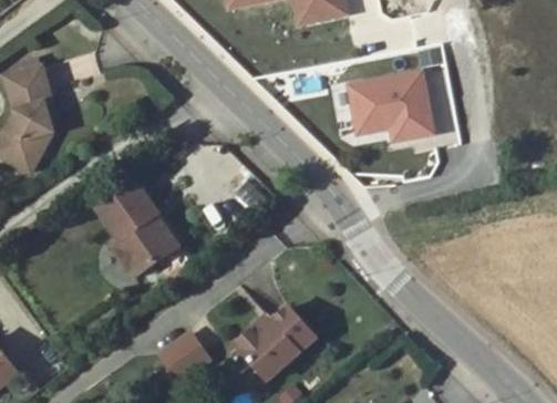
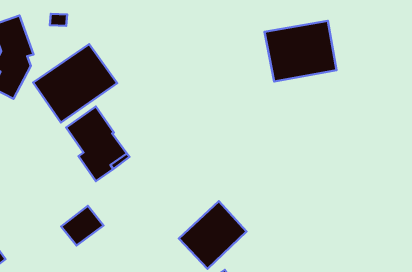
building: none -> [33,44,117,122]
building: [159,328,214,379] -> [61,206,103,246]

